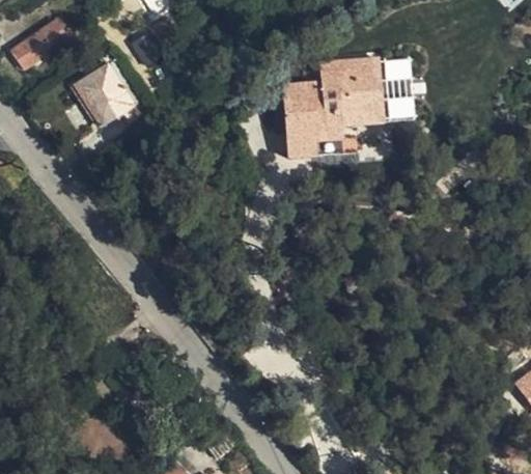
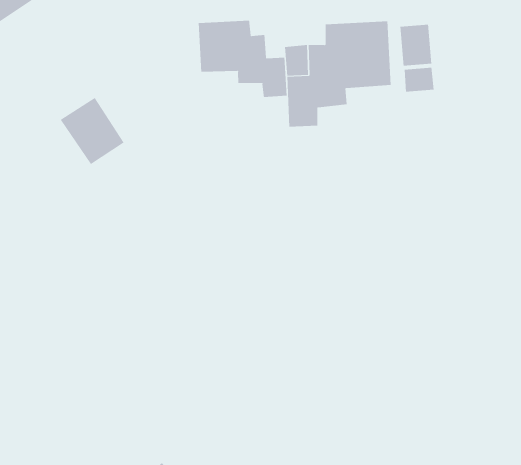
building: none -> [198,20,287,98]
building: [73,63,132,126] -> [60,97,124,165]

